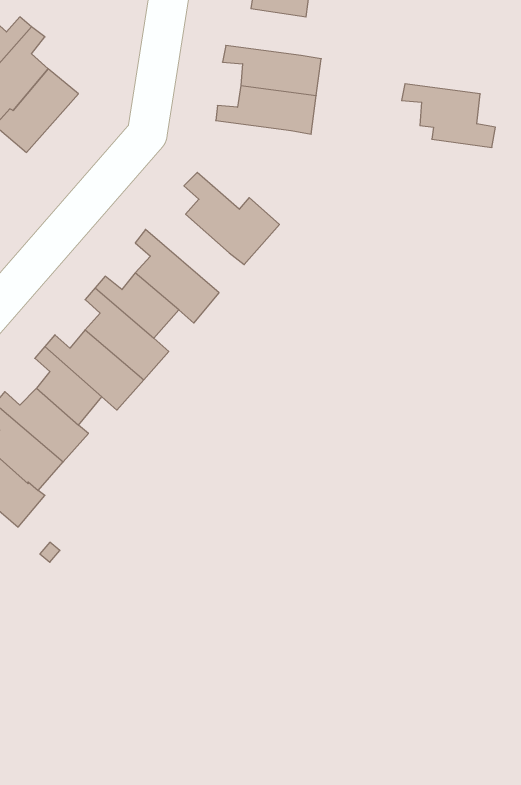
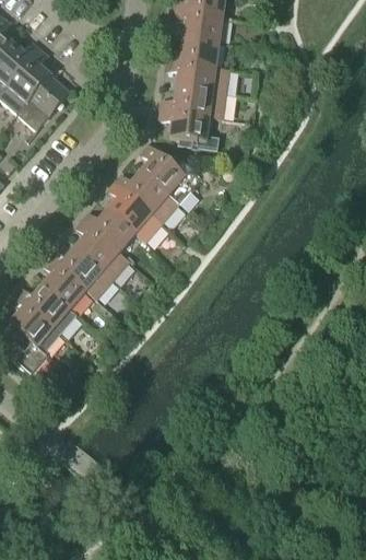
building: none -> [167,37,220,68]
building: [402,84,495,147] -> [158,110,220,152]
building: none -> [115,172,179,223]

